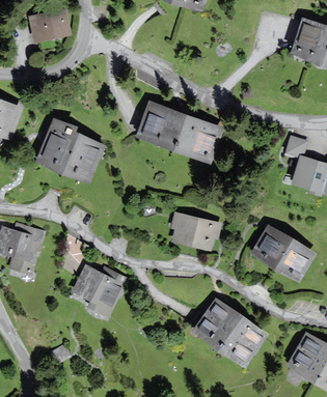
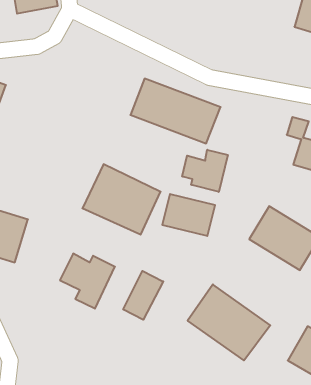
building: [33,117,107,183] -> [82,164,161,235]
building: none -> [182,150,228,192]
building: none -> [123,271,163,320]

